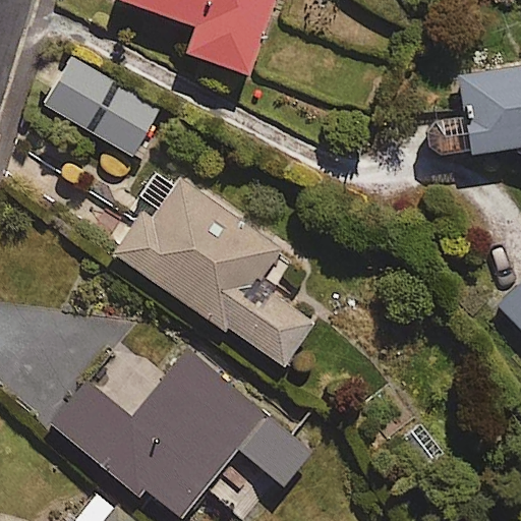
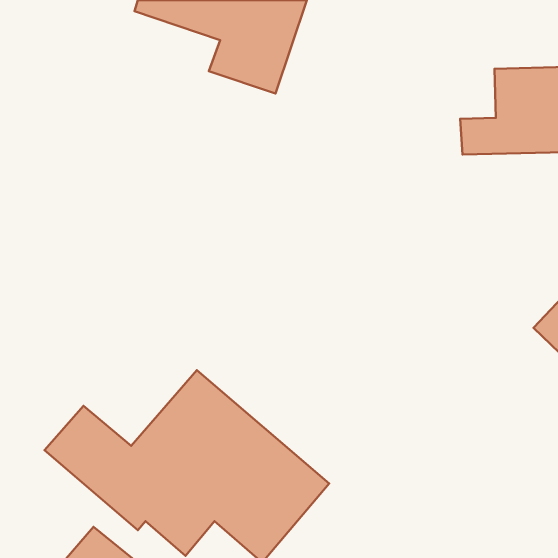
building: [41,56,164,161] -> none
building: [113,166,312,364] -> none

